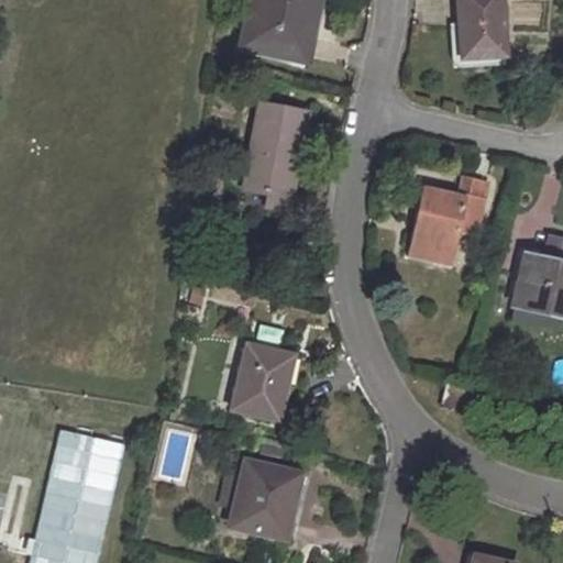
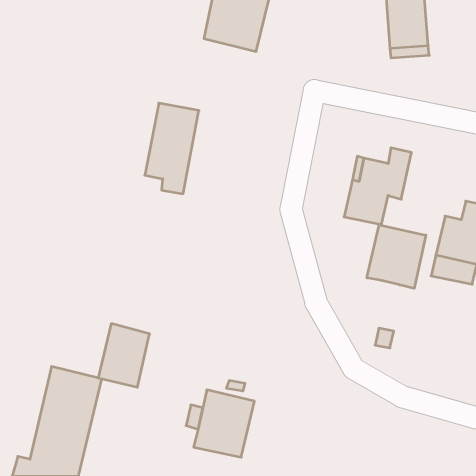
building: [244,102,308,209] -> [145,103,199,194]
building: none -> [367,225,426,288]
building: [232,343,292,418] -> [98,324,150,387]

